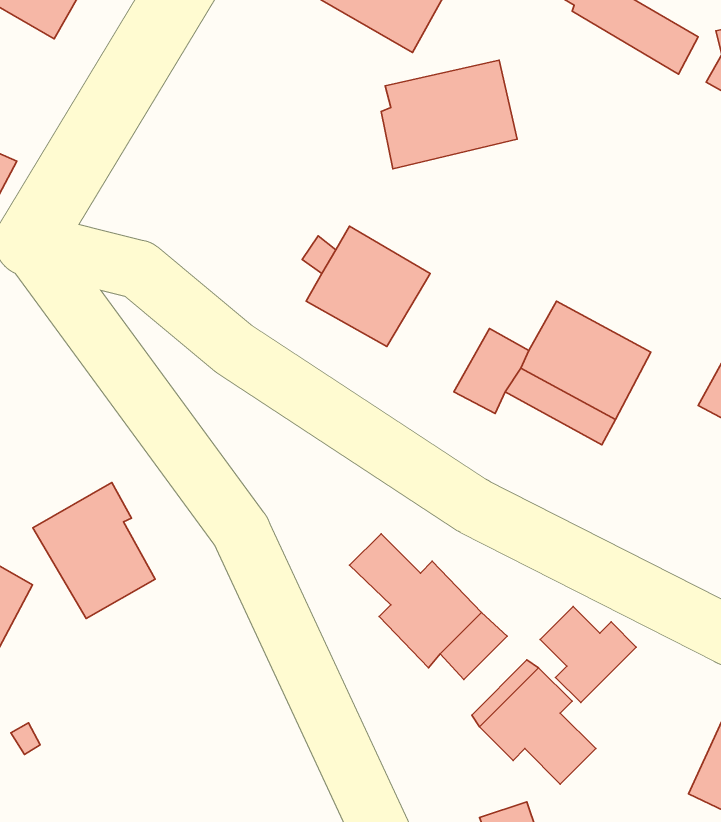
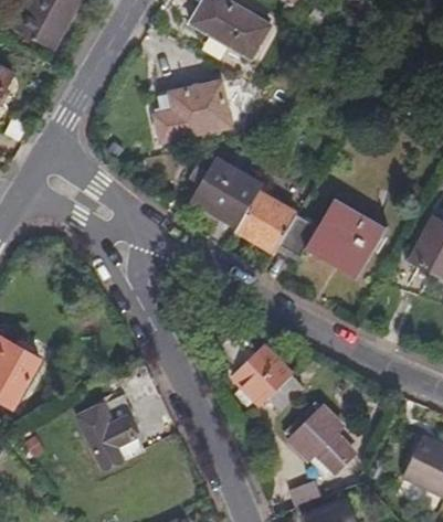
building: [381,60,517,169] -> [156,79,232,140]
building: none -> [236,190,297,251]
building: [33,483,155,619] -> [77,391,146,467]
building: [540,606,636,703] -> none

